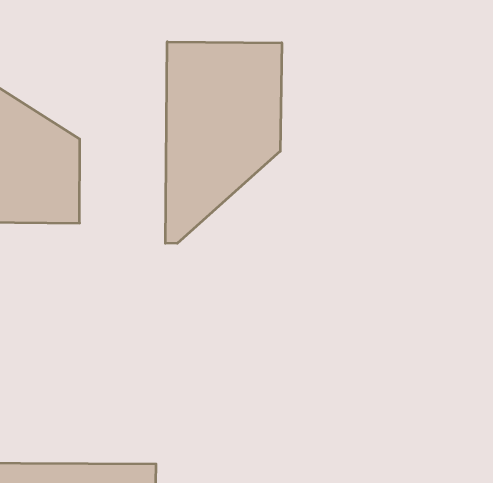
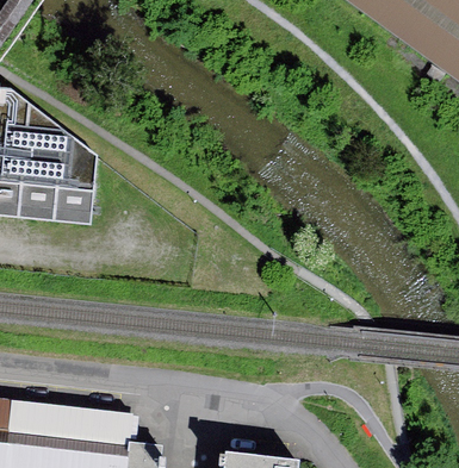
building: [165,42,282,243] -> none

